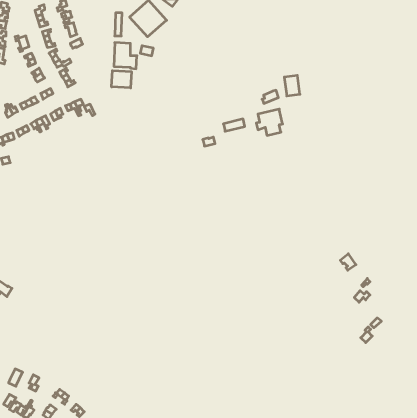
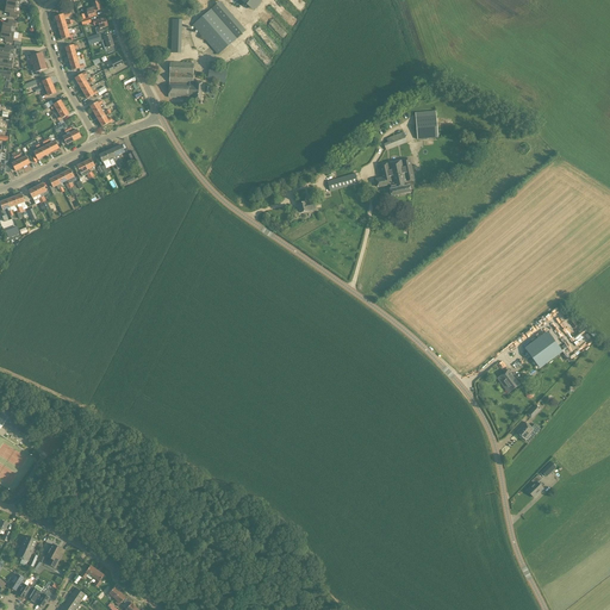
building: [112,71,131,88] -> none
building: none -> [525,331,561,366]

